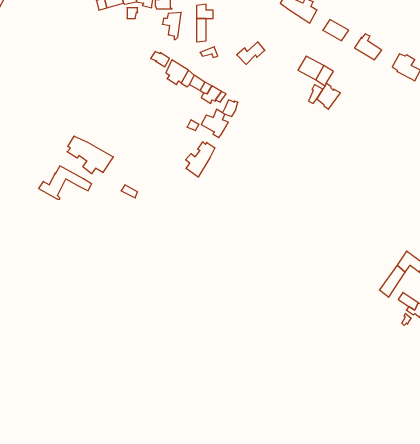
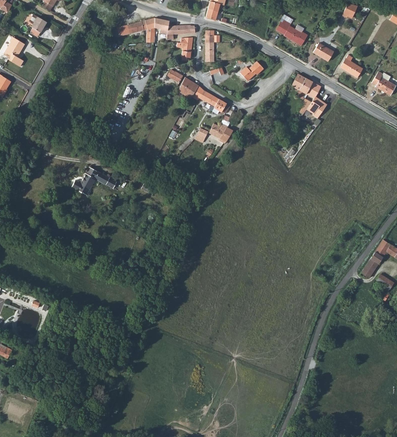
building: [67,136,113,174] -> none
building: [186,142,215,177] -> none

